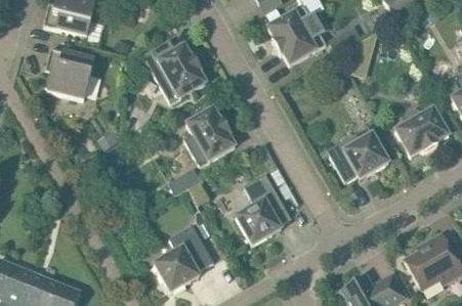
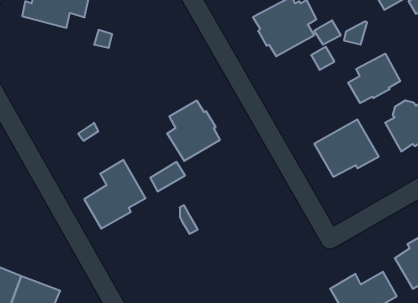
building: [142,43,207,102] -> none
building: [47,48,94,98] -> none
building: none -> [348,54,400,103]
building: [236,173,291,244] -> none
building: [155,224,214,291] -> [84,160,146,229]

